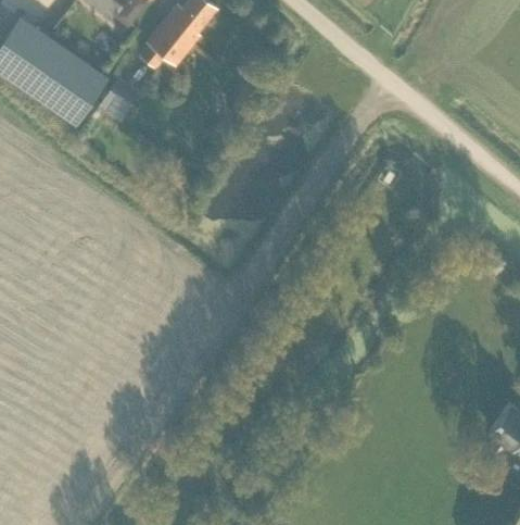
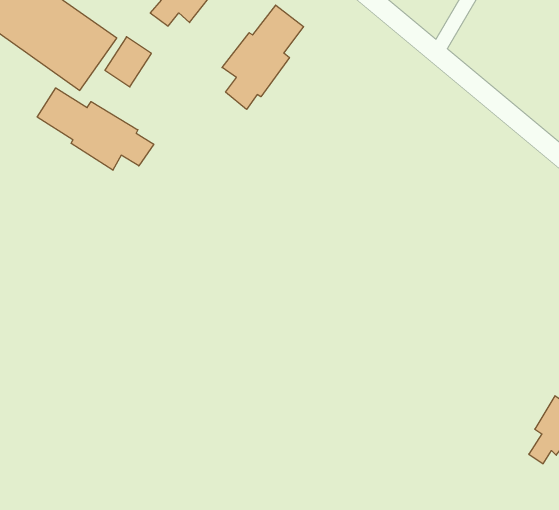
building: none -> [222,5,304,109]
building: none -> [37,88,154,170]

